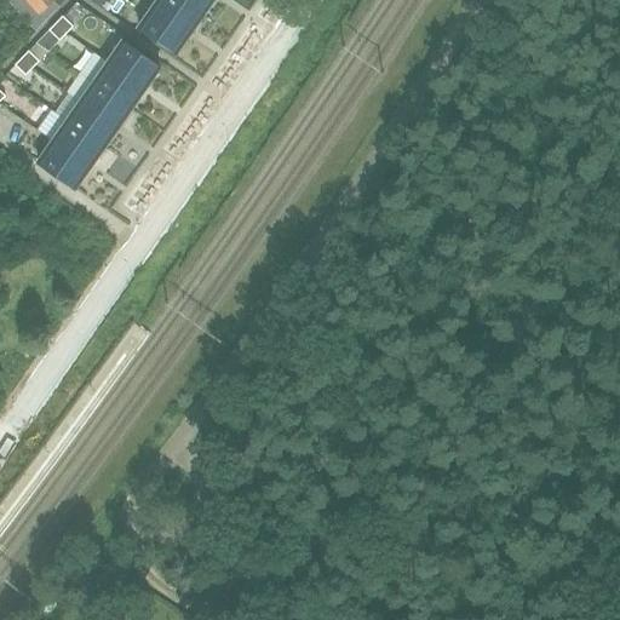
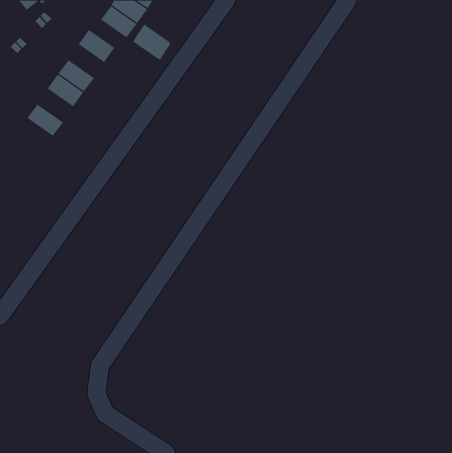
building: none -> [132,24,172,61]
building: [93,61,143,107] -> none
building: [51,121,101,167] -> none

